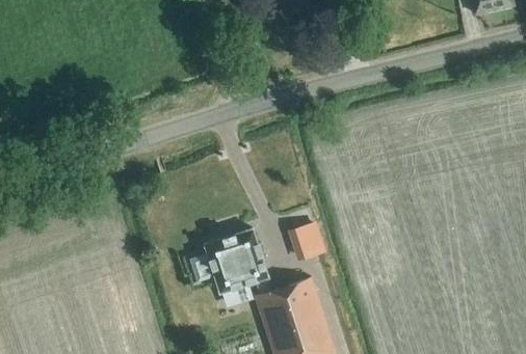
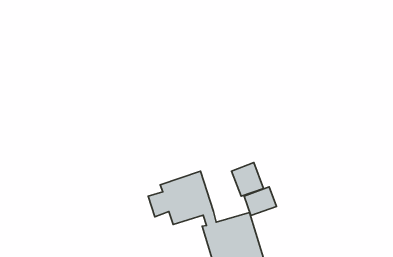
building: none -> [244,187,276,215]

